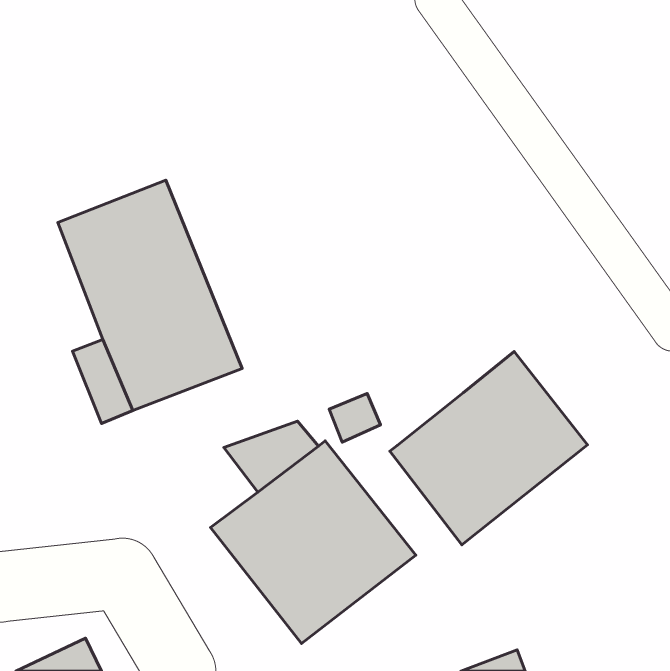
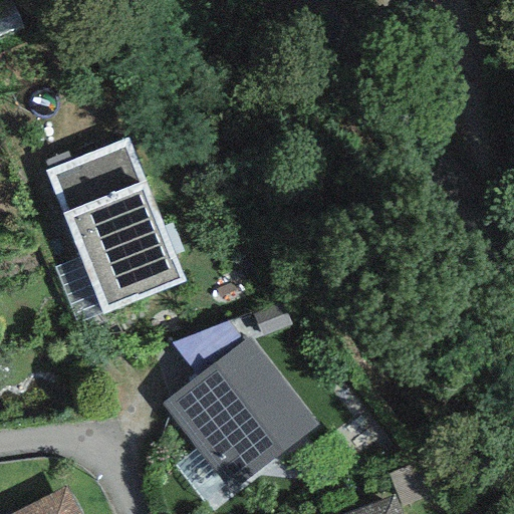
building: [390,351,588,545] -> none

